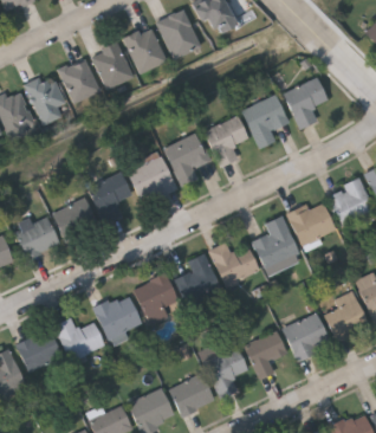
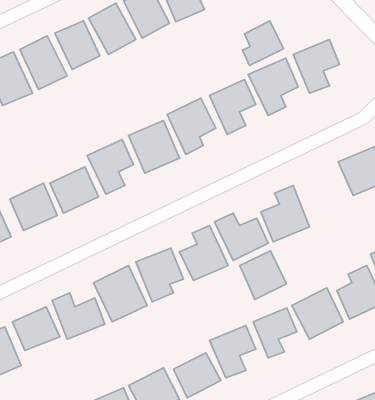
building: none -> [242,21,284,65]
building: [287,198,336,245] -> none
building: none -> [240,251,287,300]

